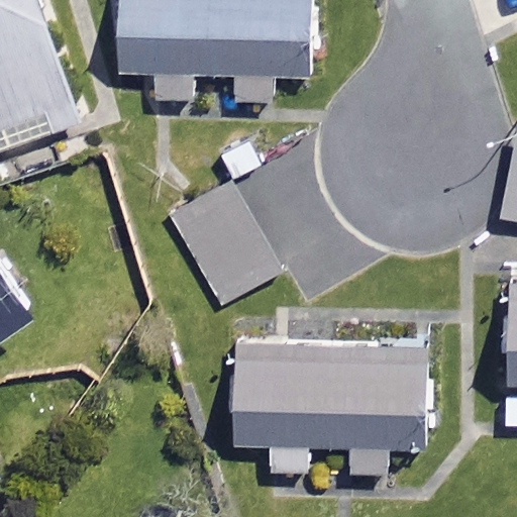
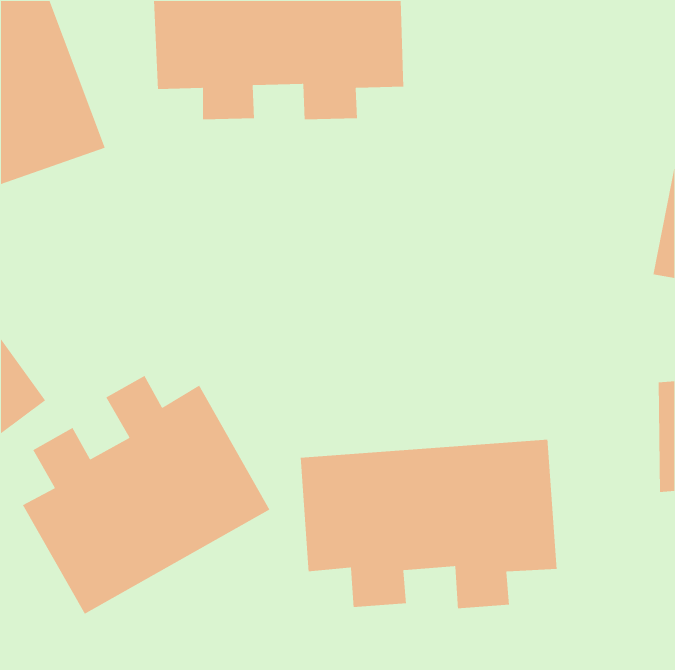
building: [173,179,286,302] -> none
building: none -> [22,375,271,615]

